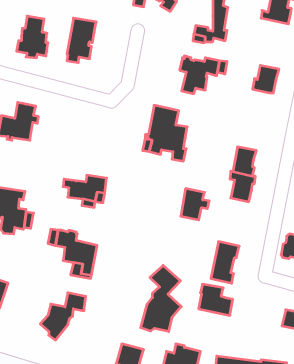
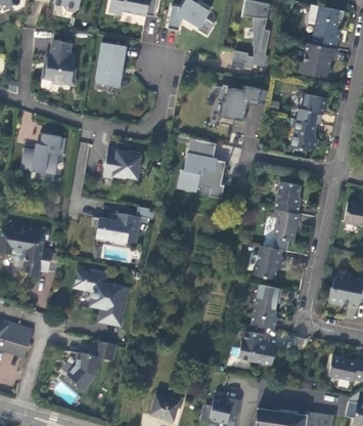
building: none -> [298,43,335,77]
building: none -> [291,119,317,151]
building: none -> [103,147,141,178]
building: [181,189,209,220] -> [255,246,285,280]
building: [141,265,181,332] -> none

